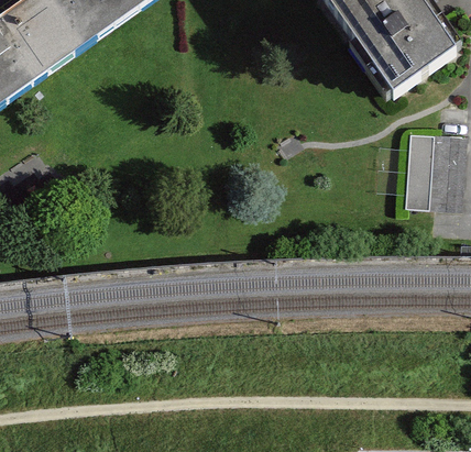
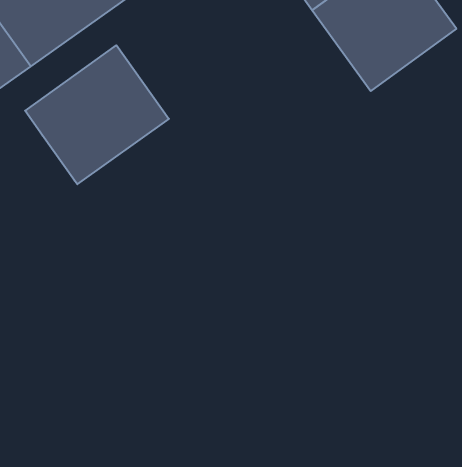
building: none -> [25,45,169,184]
building: [399,130,460,208] -> none

